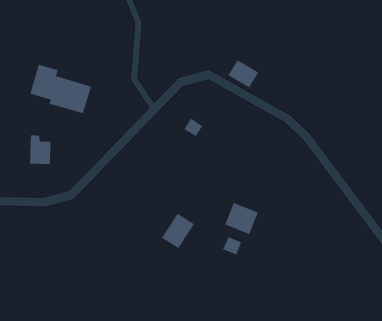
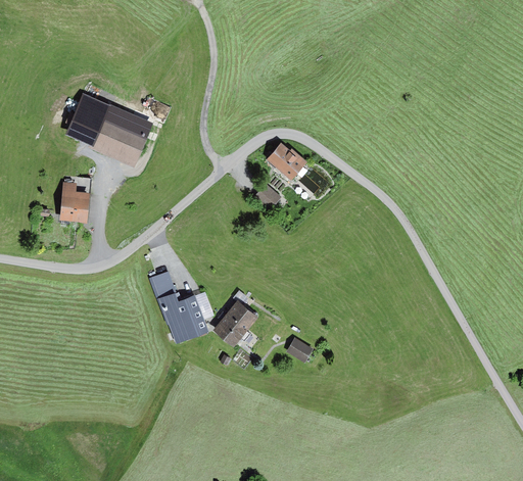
building: [227,59,259,88] -> [266,142,305,180]
building: none -> [155,271,211,343]
building: [225,202,258,235] -> none

